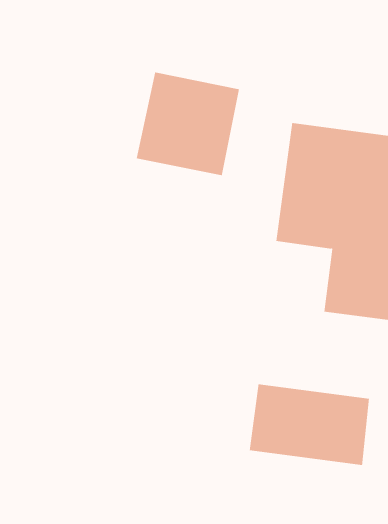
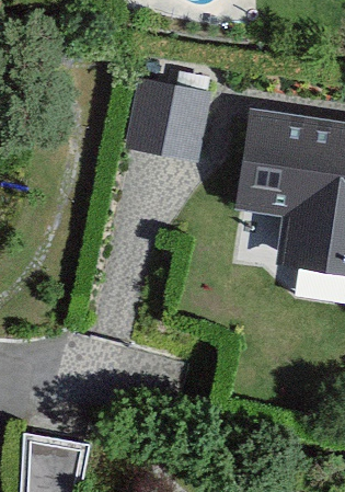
building: [249,383,370,466] -> none

